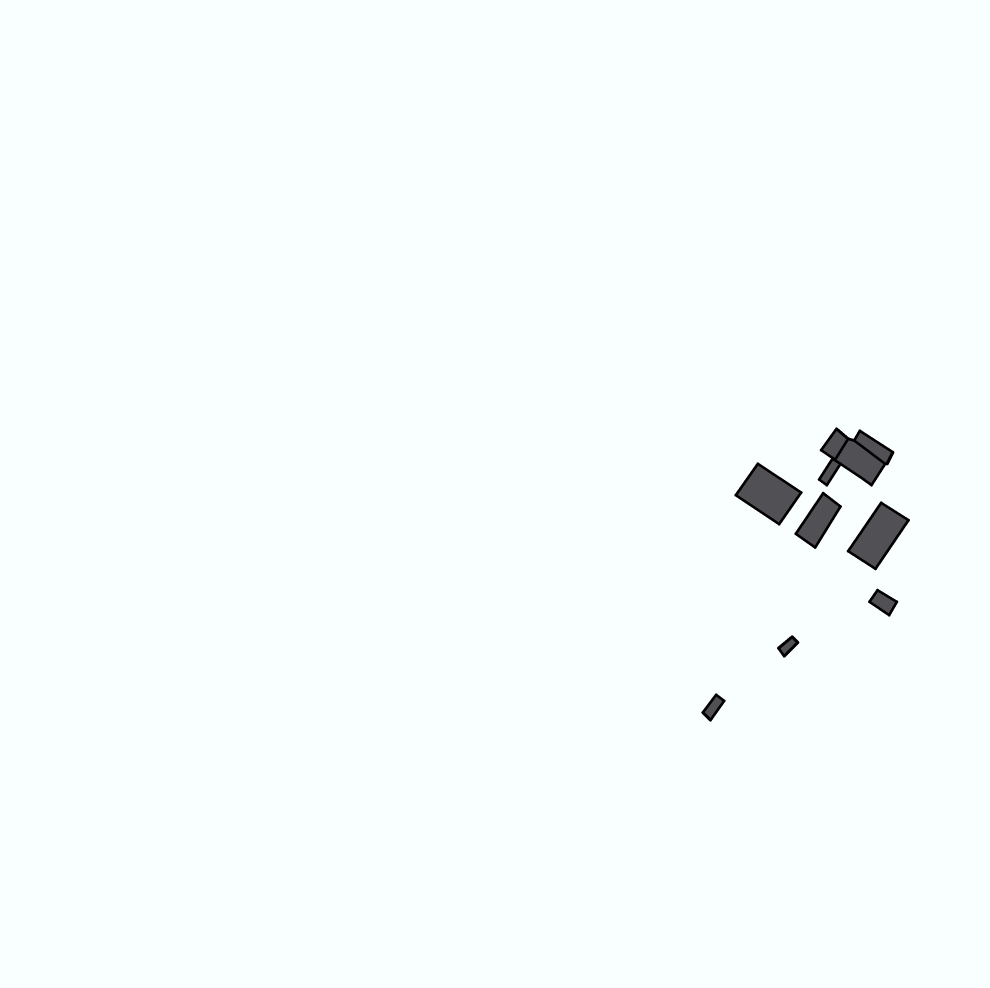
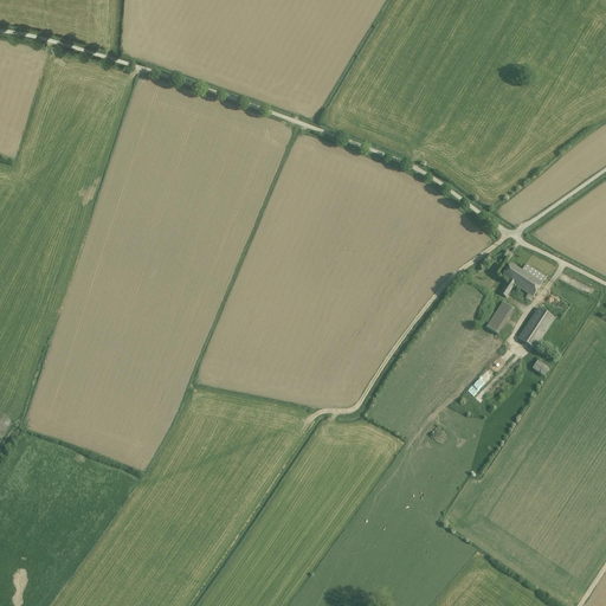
building: [736,464,801,524] -> none

